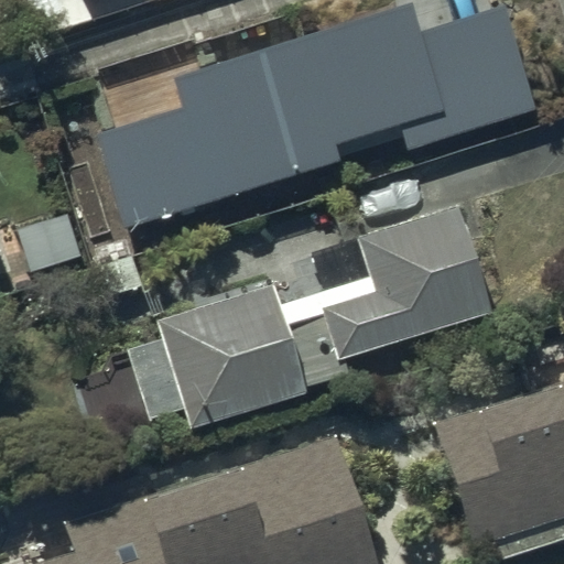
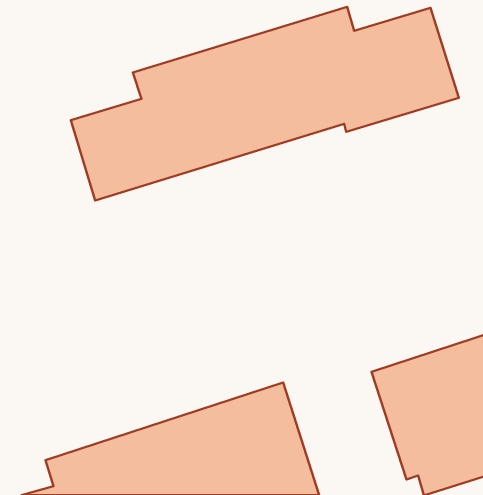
building: [318,205,495,356] -> none
building: [128,286,302,427] -> none

